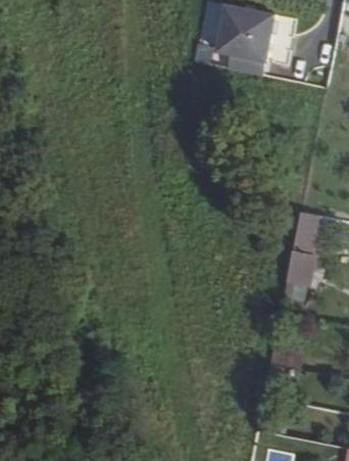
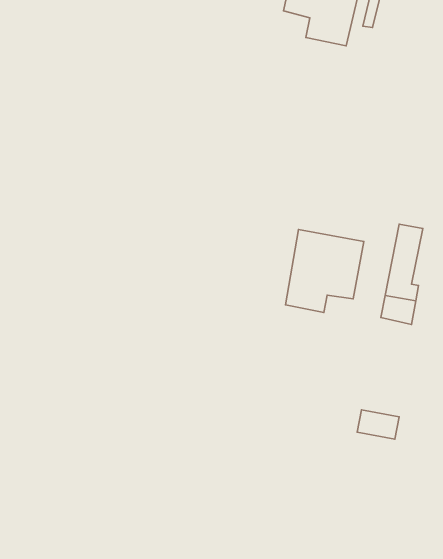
building: none -> [285,230,364,313]

